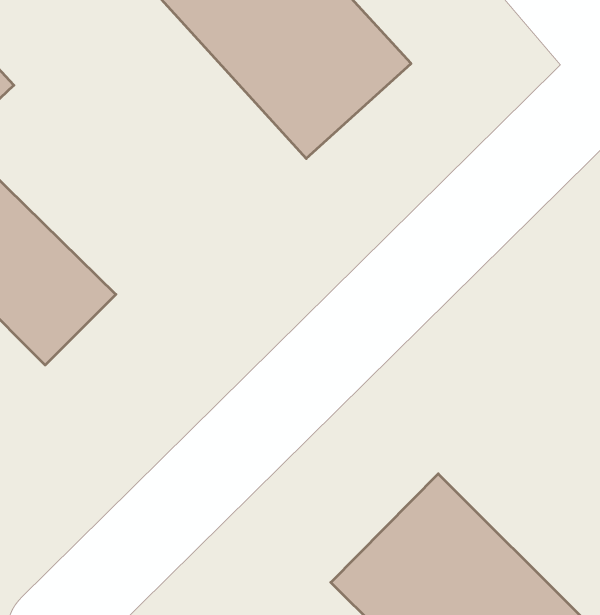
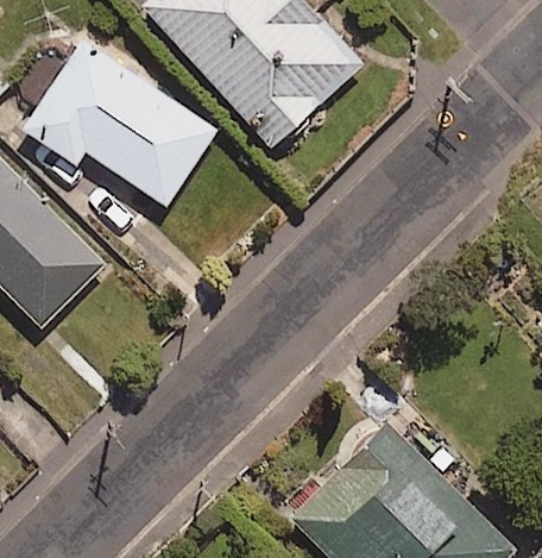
building: none -> [24,40,215,205]

